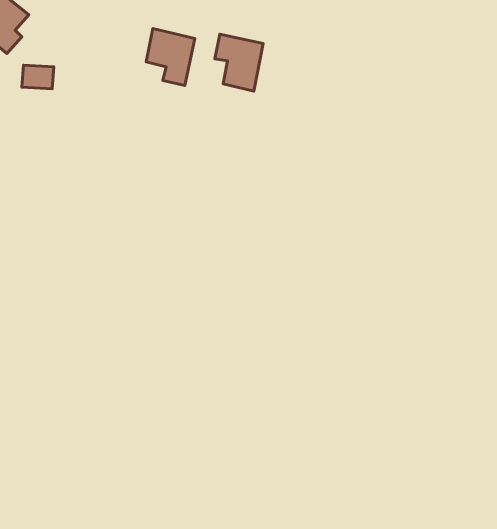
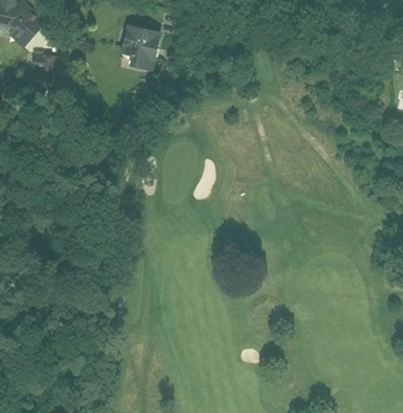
building: [215,34,263,91] -> none

